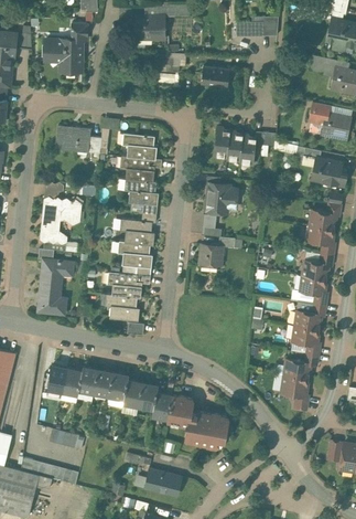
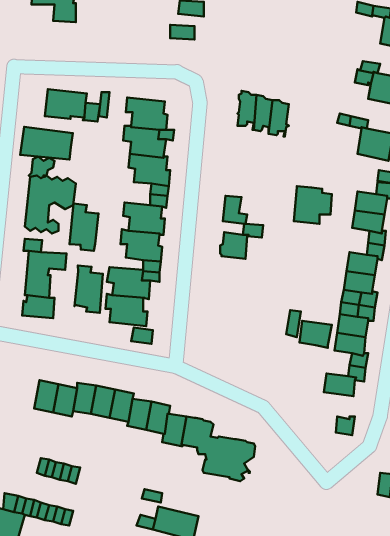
building: [203,65,229,87] -> none
building: none -> [20,127,73,160]
building: [206,182,237,213] -> [294,186,332,224]
building: none -> [70,204,99,251]
building: none -> [75,266,103,313]
building: [282,374,309,396] -> [299,321,332,348]

